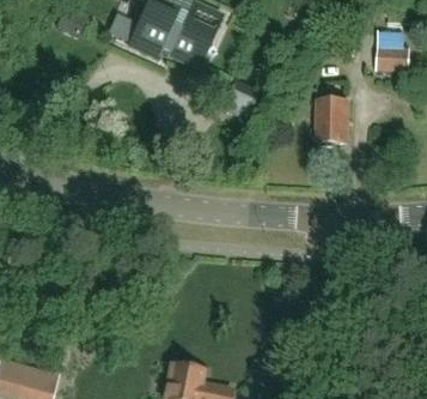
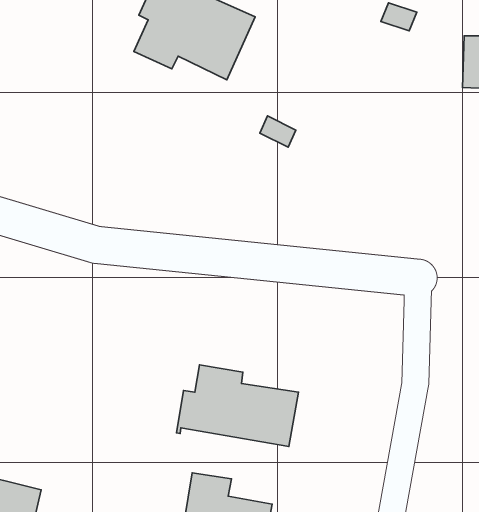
building: [317,99,349,141] -> none
building: none -> [176,365,299,447]

